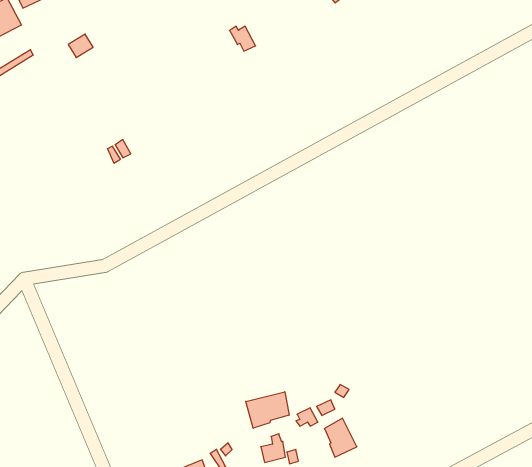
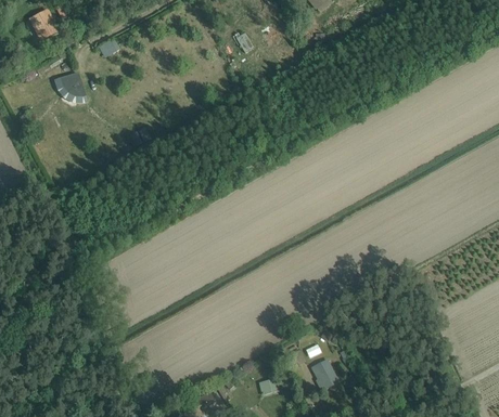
building: none -> [60,71,87,102]
building: [246,392,289,428] -> none

